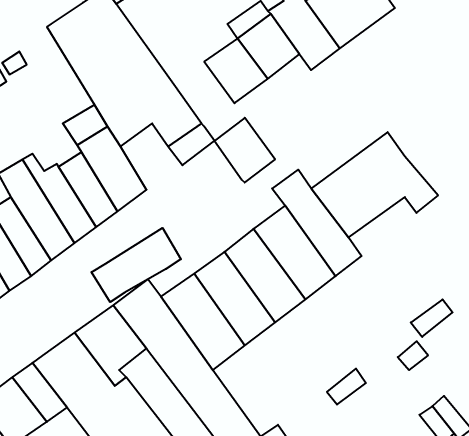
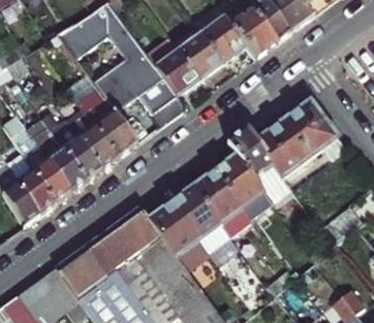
building: [214,118,275,183] -> [157,51,200,97]
building: [91,228,181,302] -> none

